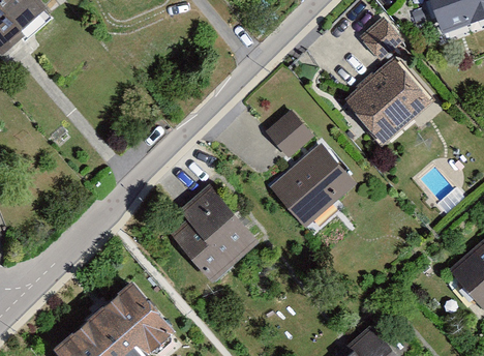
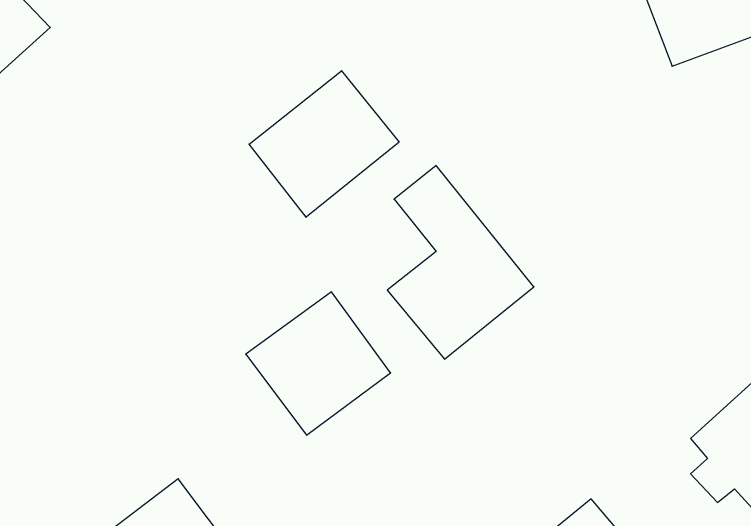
building: [338,14,434,144] -> none
building: none -> [249,71,399,217]

